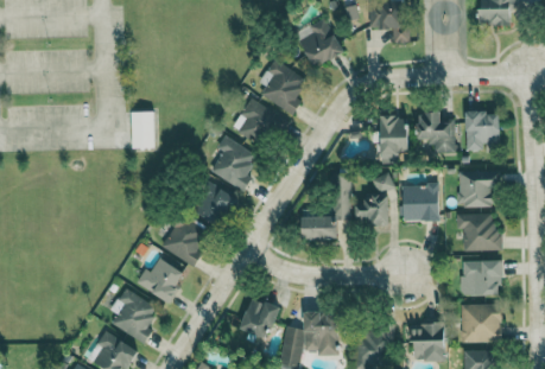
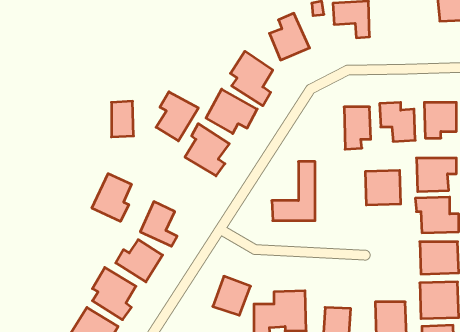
building: none -> [156,92,198,141]
building: [356,176,392,227] -> none
building: [192,182,236,225] -> none
building: none -> [92,174,131,221]

